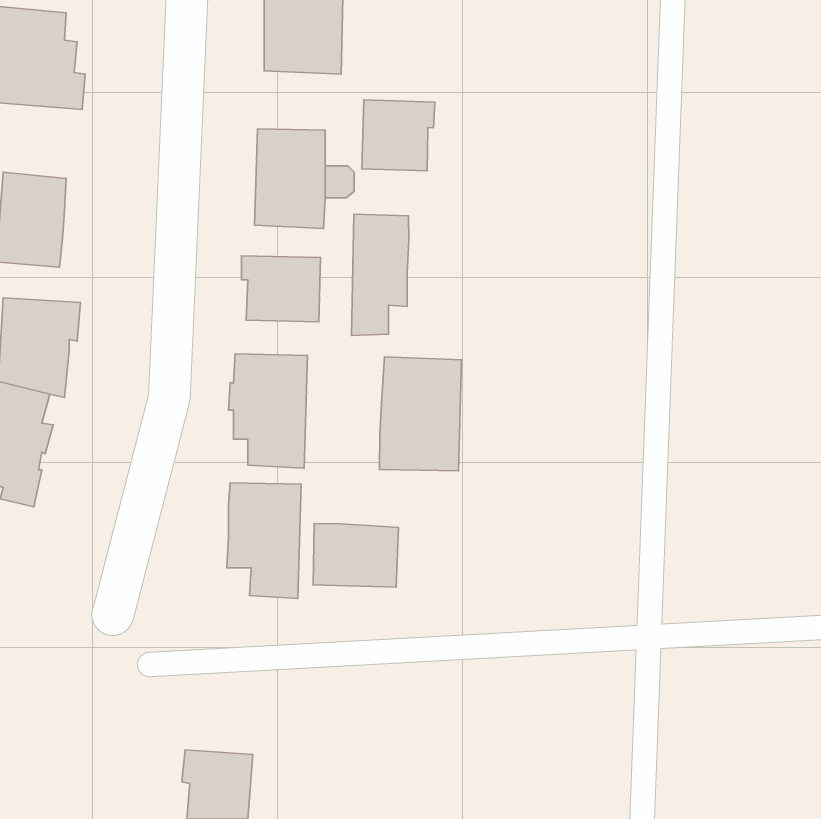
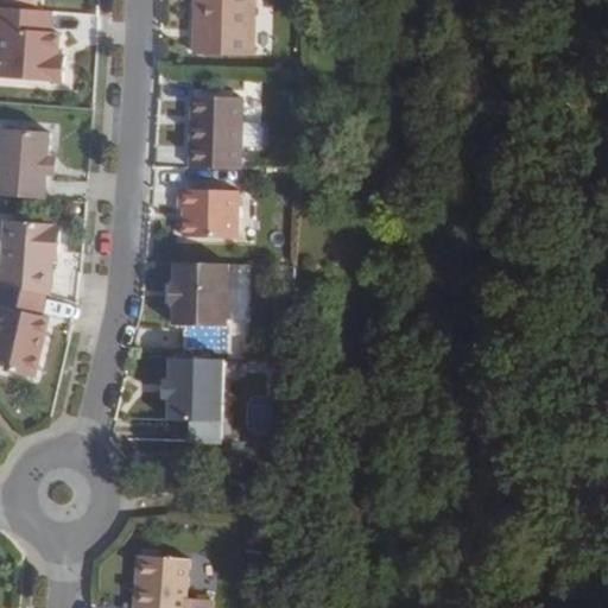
building: [362,100,435,171] -> none
building: [351,214,409,336] -> none
building: [379,357,462,471] -> none
building: [313,524,398,587] -> none

